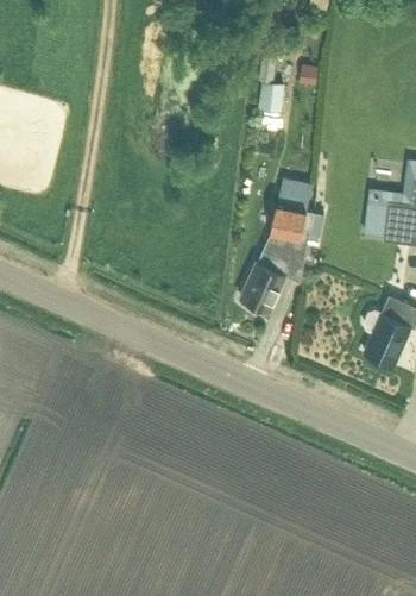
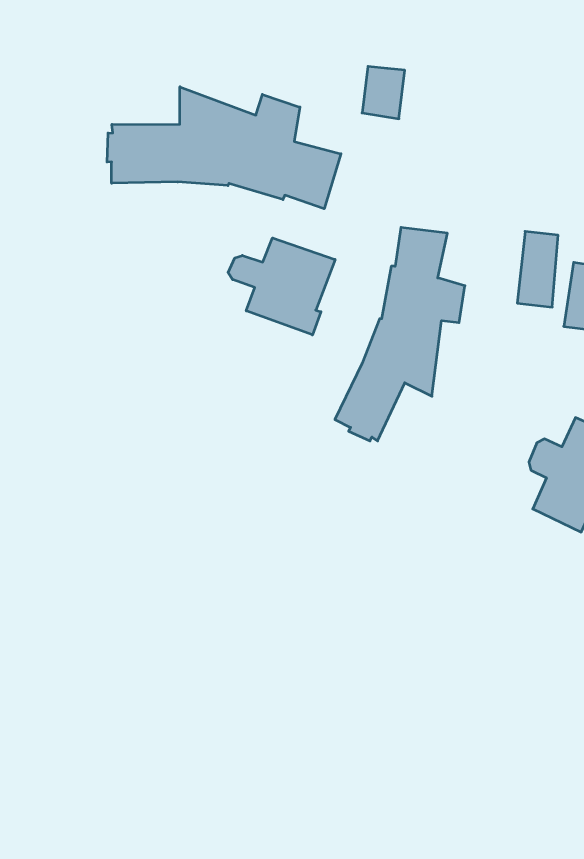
building: none -> [107,87,341,209]
building: none -> [228,238,335,335]

